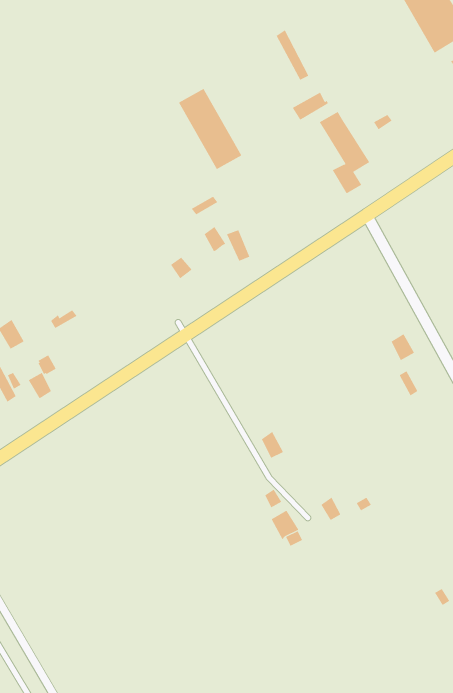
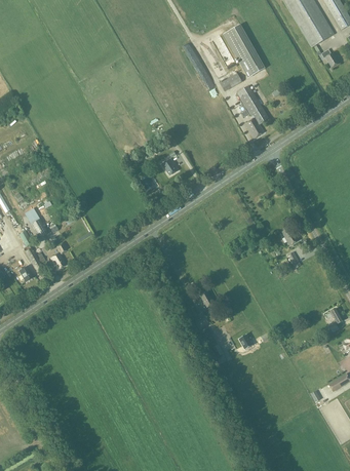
building: [178,88,242,170] -> [224,24,265,76]

